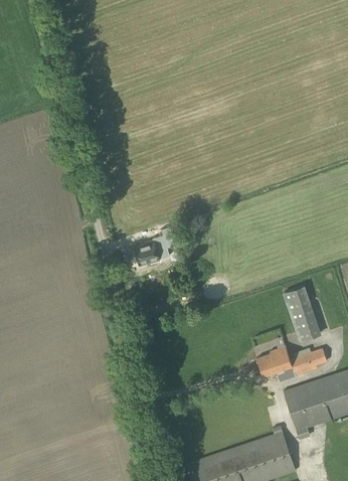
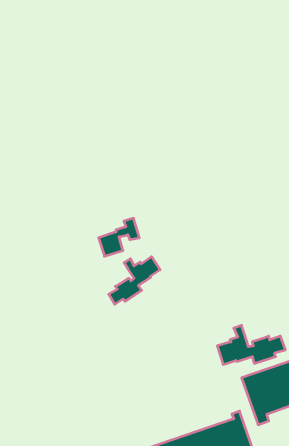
building: none -> [109,257,160,304]
building: [284,285,321,341] -> none

